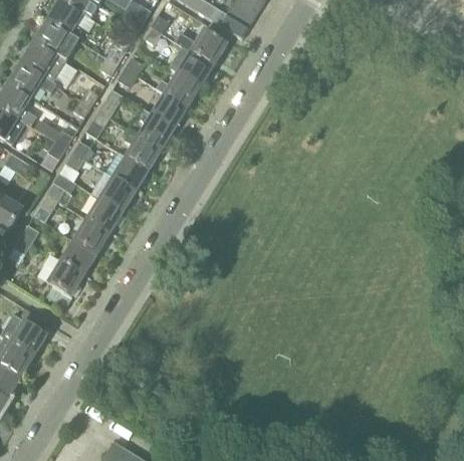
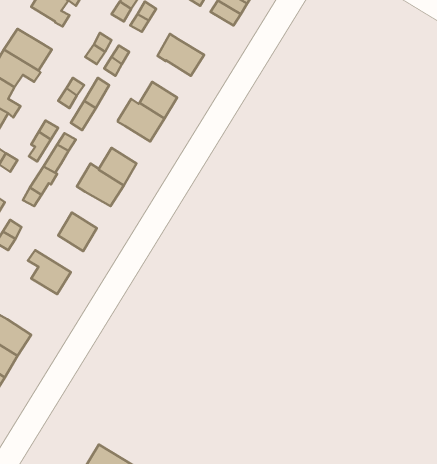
building: [34,20,70,55] -> none
building: [174,30,227,66] -> none
building: [164,71,201,107] -> none
building: [124,130,162,171] -> none
building: [86,198,124,233] -> none
building: [61,240,97,275] -> none

